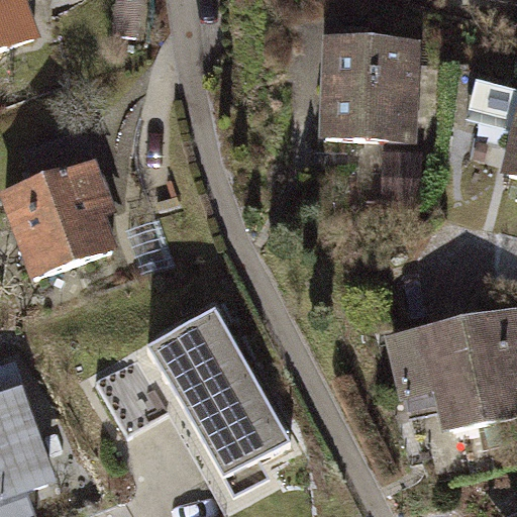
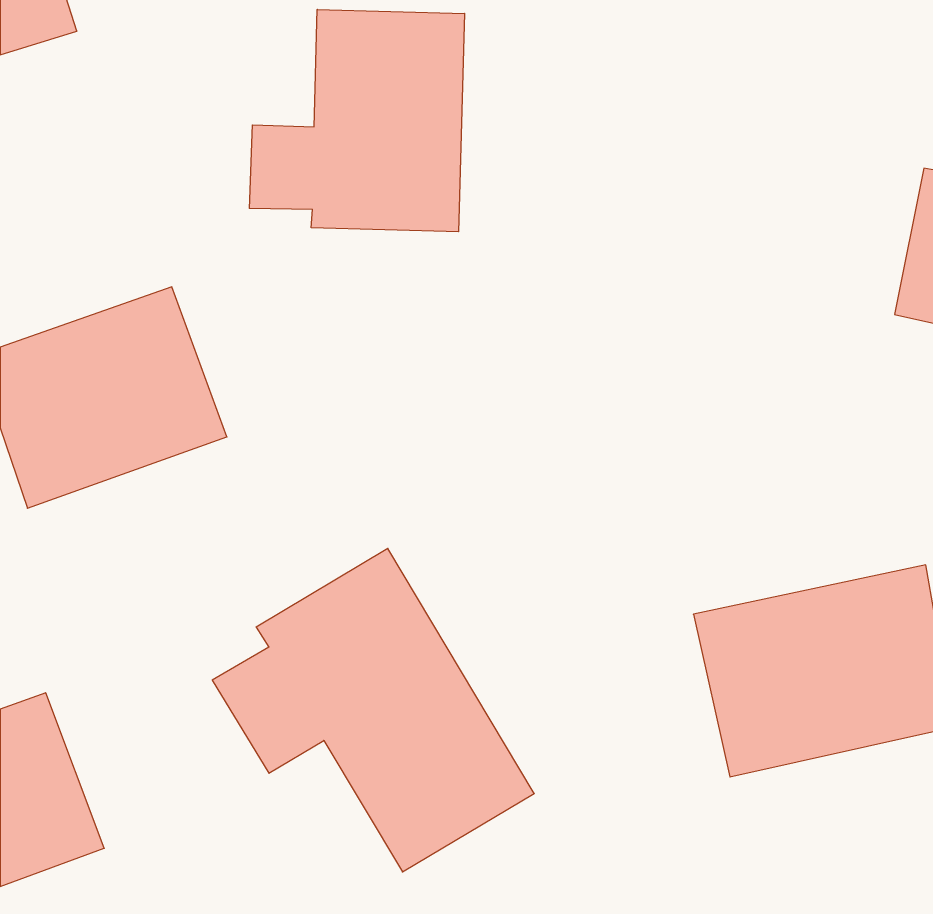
building: none -> [249,9,465,232]
building: [306,36,418,142] -> none

